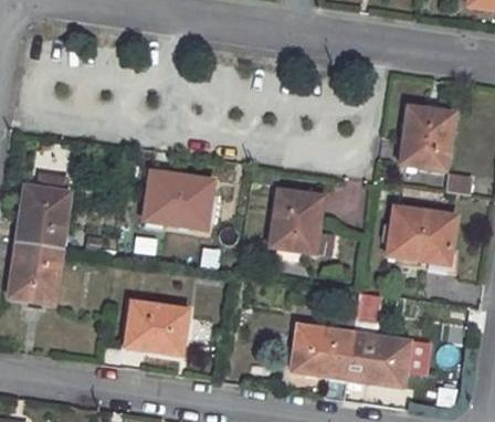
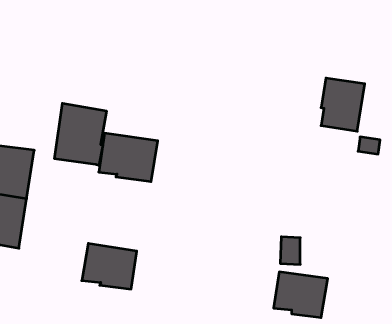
building: none -> [55,103,106,165]
building: [270,190,320,252] -> none
building: [388,205,455,260] -> none
building: [292,324,355,374] -> none

